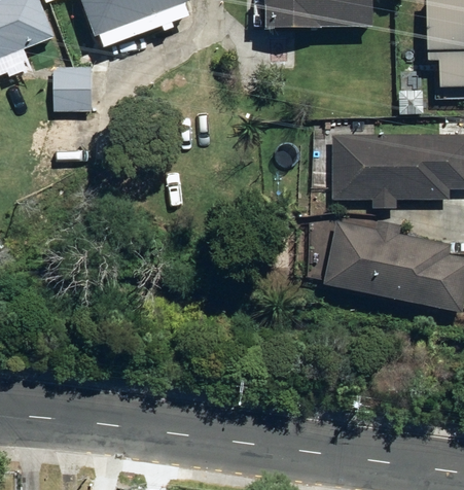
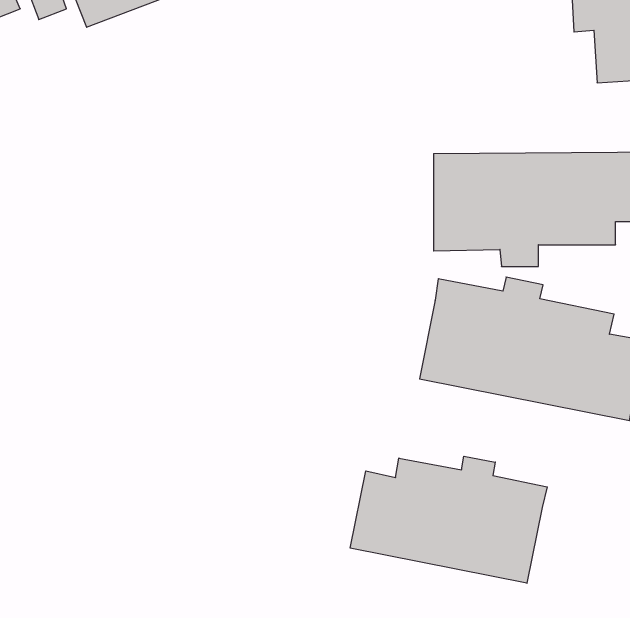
building: [56,65,96,110] -> none
building: none -> [350,456,547,583]

